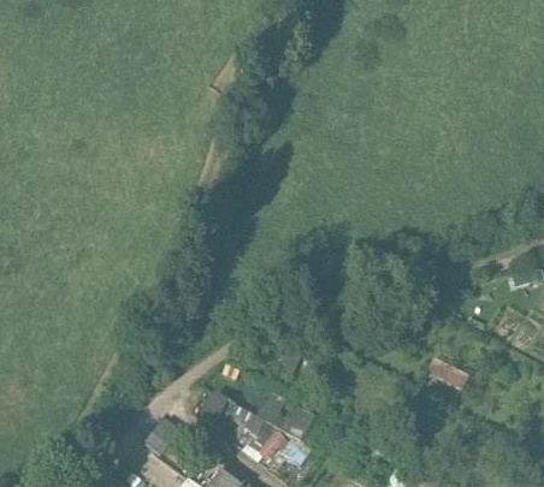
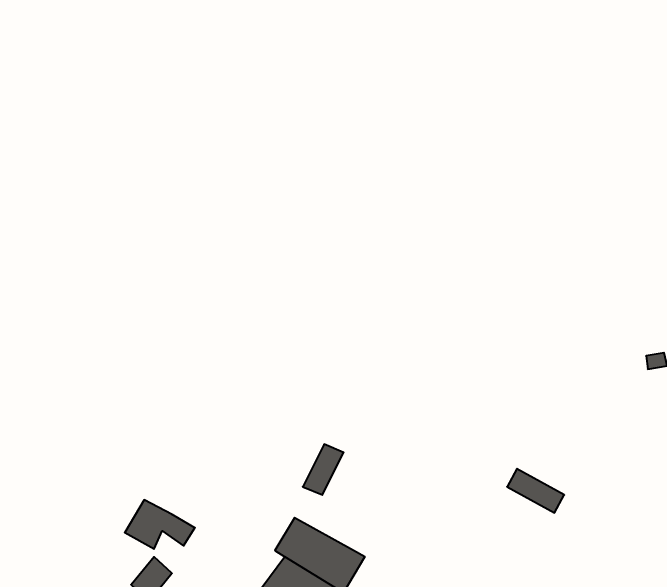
building: [199,393,250,429] -> [125,500,195,549]

